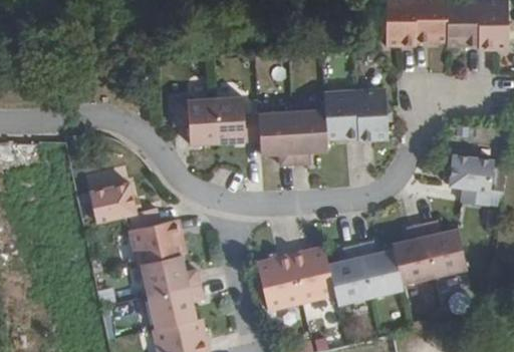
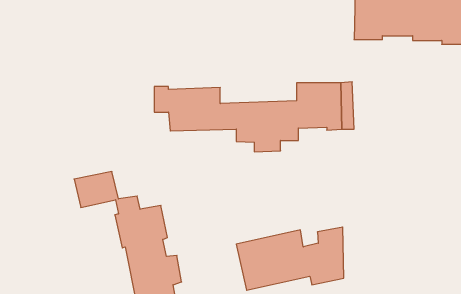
building: [449,157,492,208] -> none
building: [373,223,467,298] -> none

